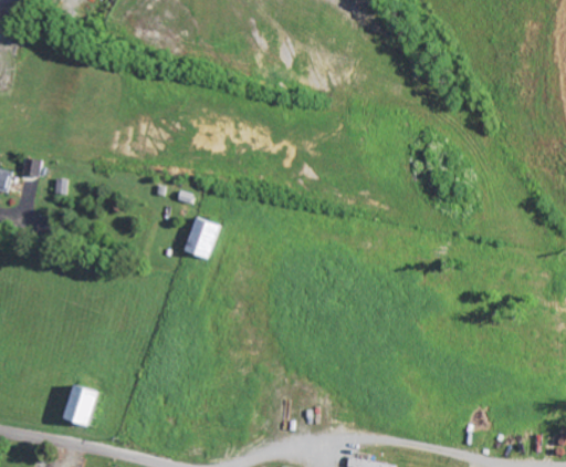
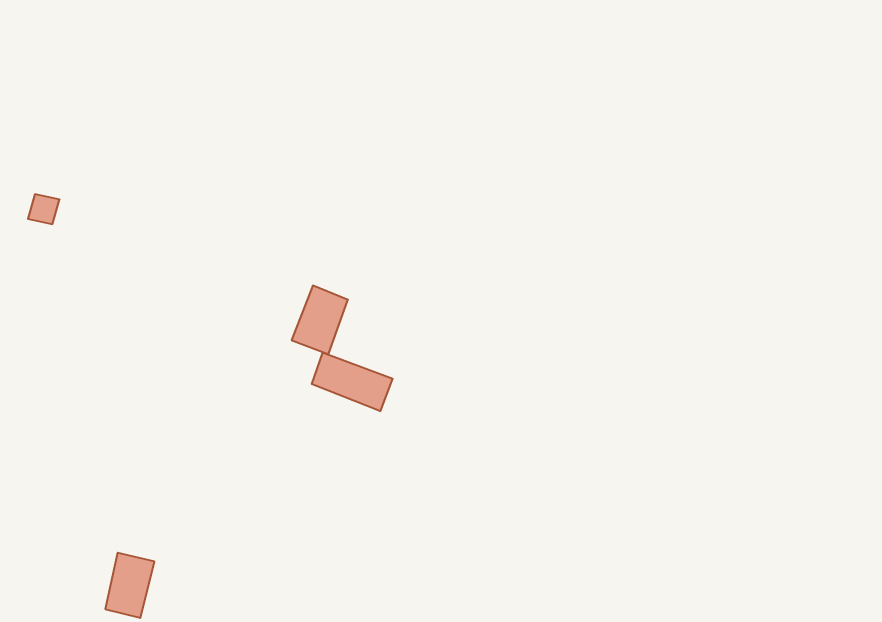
building: none -> [312,352,393,411]

